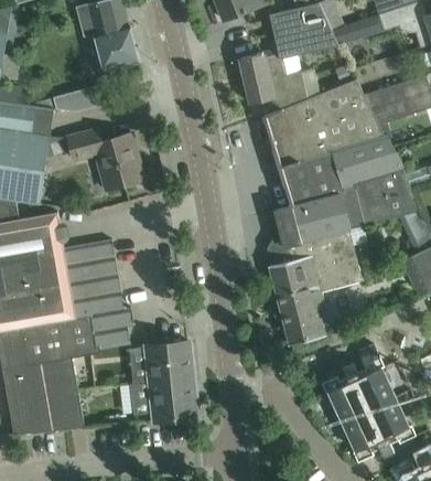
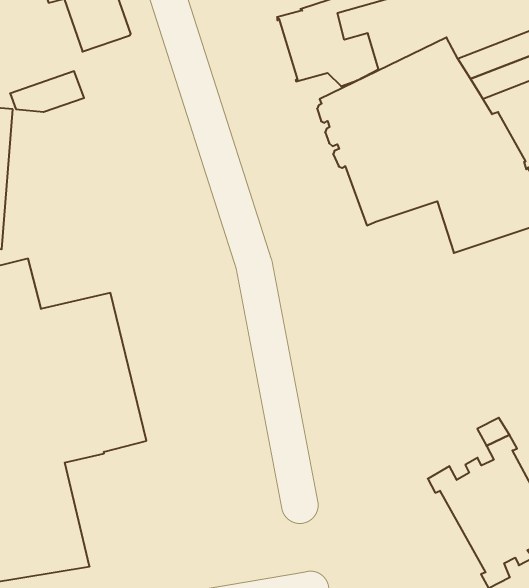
building: [67,129,143,190] -> none
building: [268,192,362,344] -> none
building: [130,342,197,420] -> none

